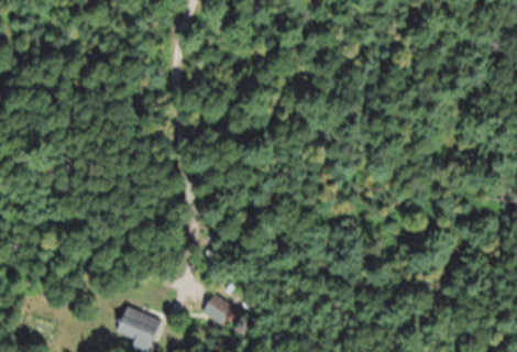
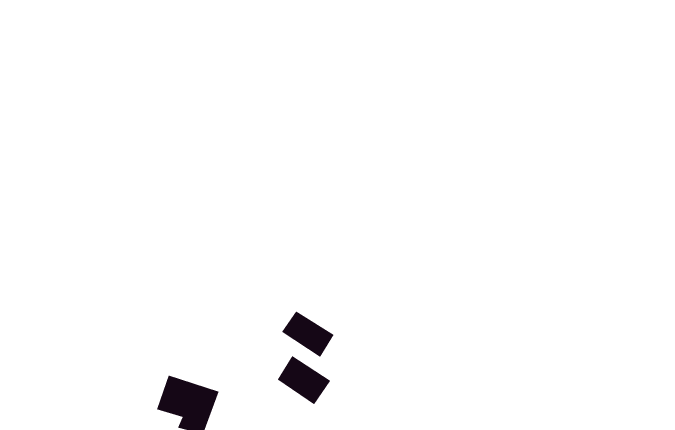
building: none -> [281,310,335,358]

